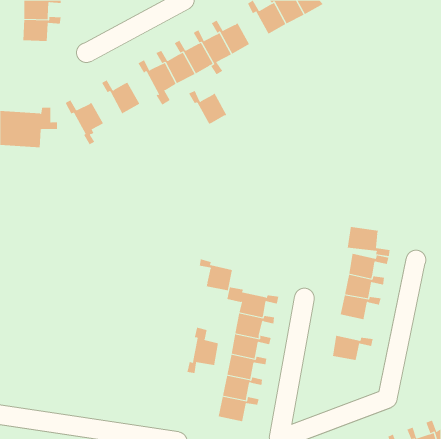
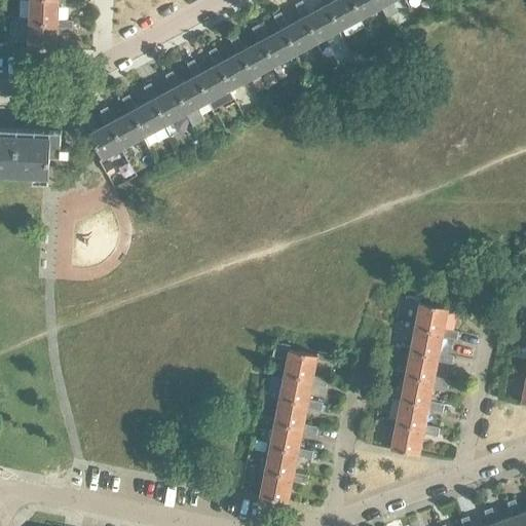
building: none -> [272,14,318,55]
building: none -> [99,110,145,150]
building: [188,90,227,125] -> [142,85,188,126]
building: [347,226,390,257] -> none
building: [199,259,232,291] -> none
building: none -> [399,377,448,408]
building: [187,327,218,374] -> none
building: none -> [389,426,439,457]

